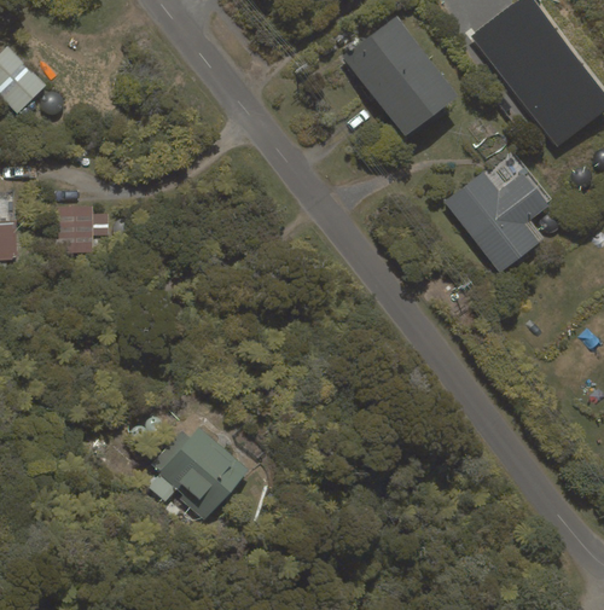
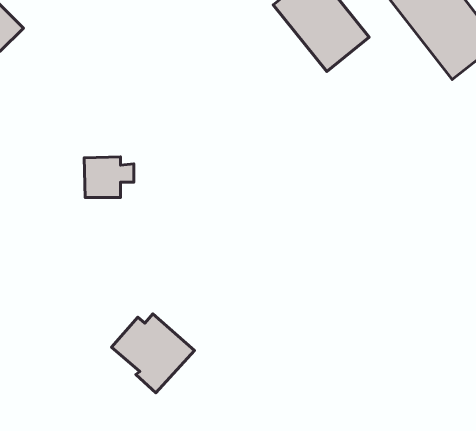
building: [445,174,544,273] -> none
building: [48,205,108,254] -> [84,157,134,197]

